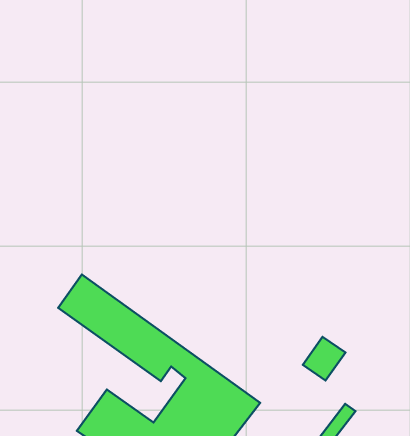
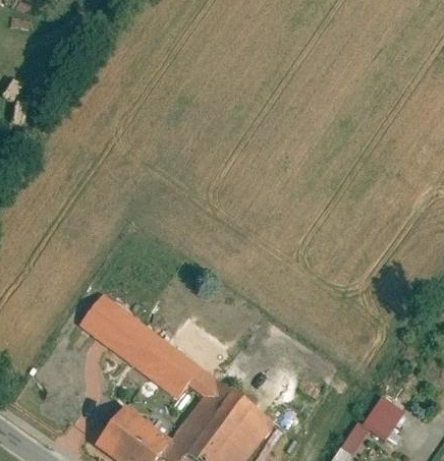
building: [303,337,345,380] -> [363,395,404,438]

